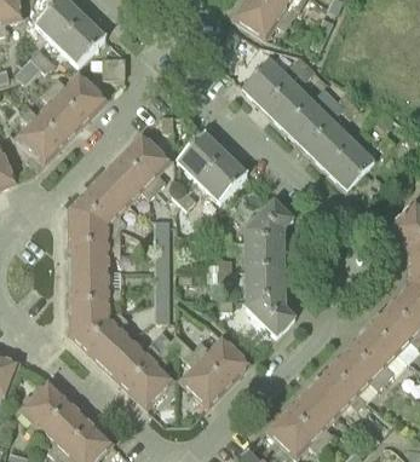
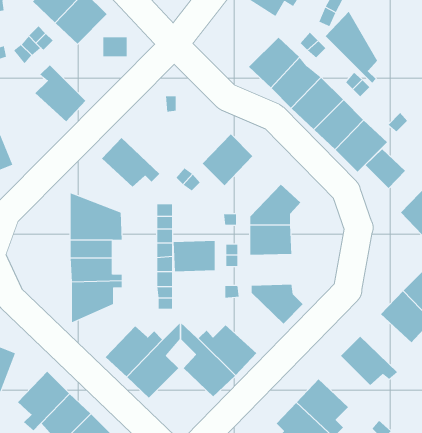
building: none -> [325,11,378,84]
building: [50,71,105,120] -> none
building: [13,106,65,171] -> none
building: [176,132,224,180] -> none
building: [119,133,171,190] -> none
building: none -> [365,148,406,189]
building: [69,175,130,227] -> none
building: [242,267,283,298] -> [173,240,216,272]
building: [70,311,132,366] -> none
building: [349,325,398,381] -> none
building: [309,365,366,415] -> none

